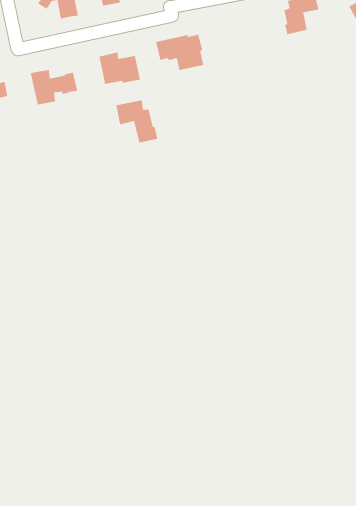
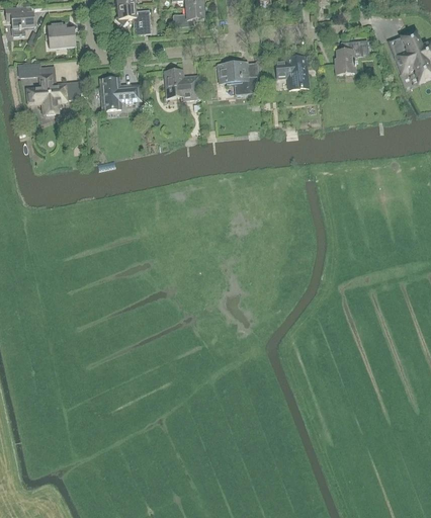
building: none -> [275,57,308,89]
building: [116,100,158,143] -> none

